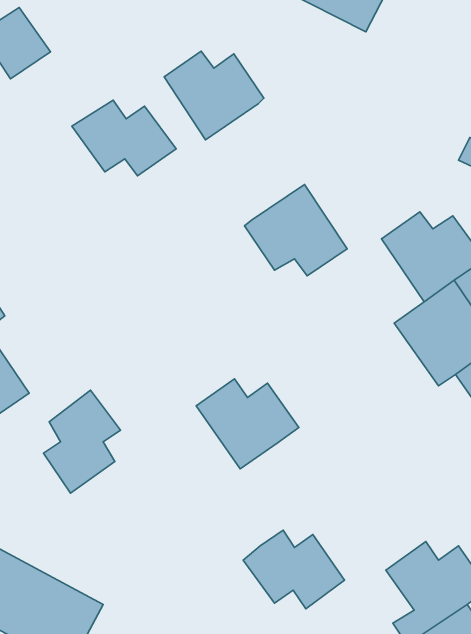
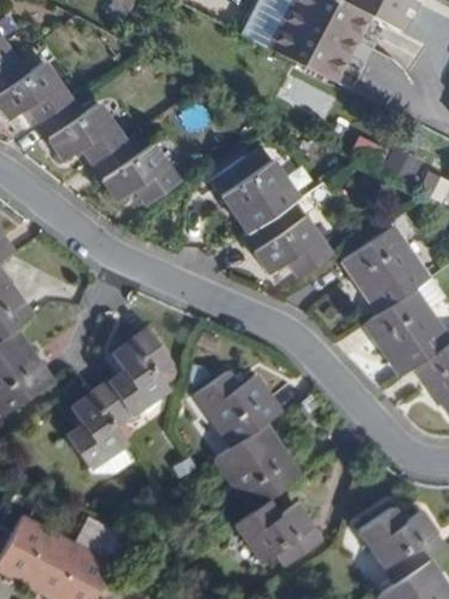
building: [164,51,264,140] -> [206,163,291,238]
building: none -> [37,95,124,158]
building: none -> [105,328,171,415]
building: none -> [214,426,299,513]

